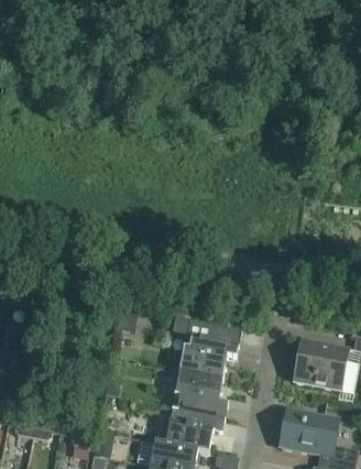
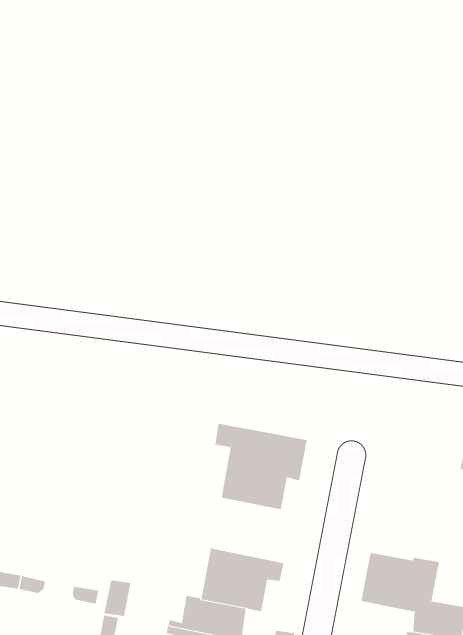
building: [292,338,348,389] -> none
building: [171,369,227,416] -> none

